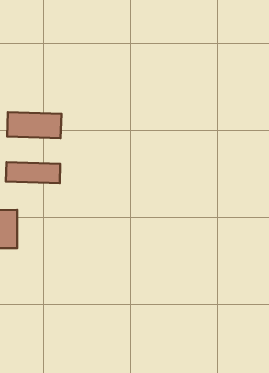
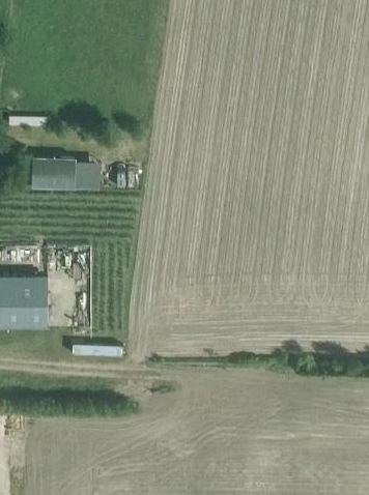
building: [6,162,60,183] -> none

